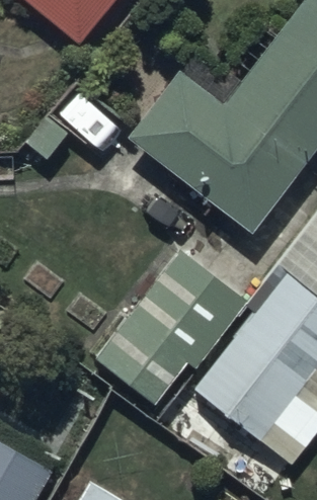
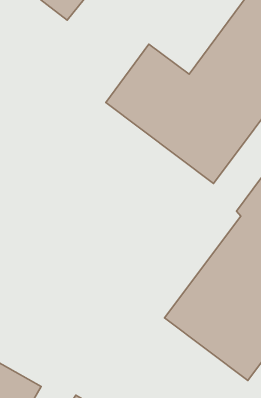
building: [94,251,249,406] -> none

